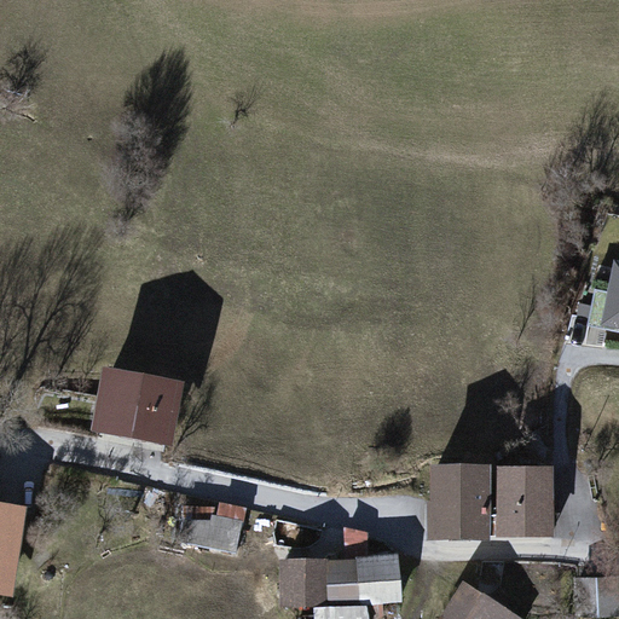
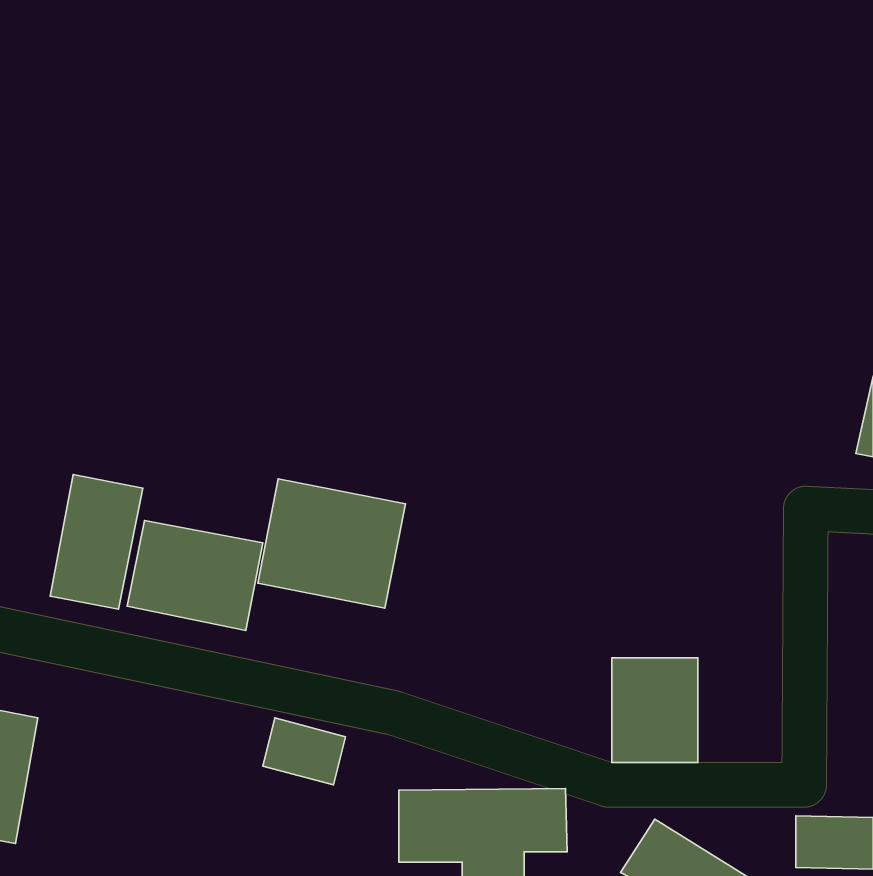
building: none -> [50,475,143,609]
building: none -> [258,479,405,608]
building: [498,465,556,537] -> none

